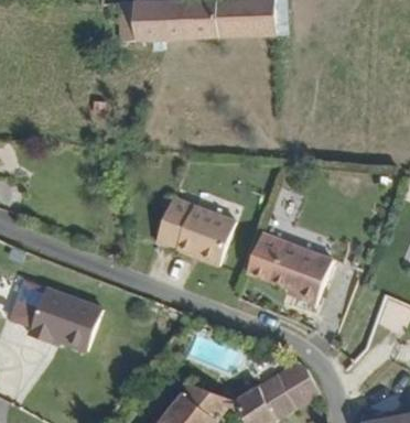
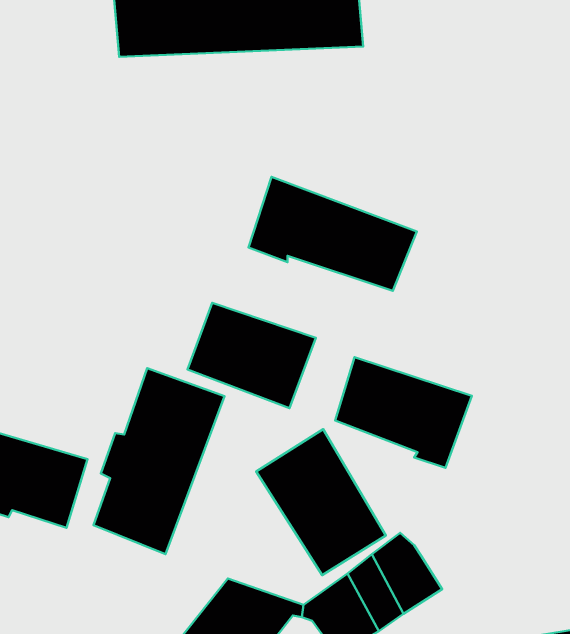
building: none -> [248,177,417,291]
building: none -> [94,368,225,554]
building: none -> [256,429,386,575]

